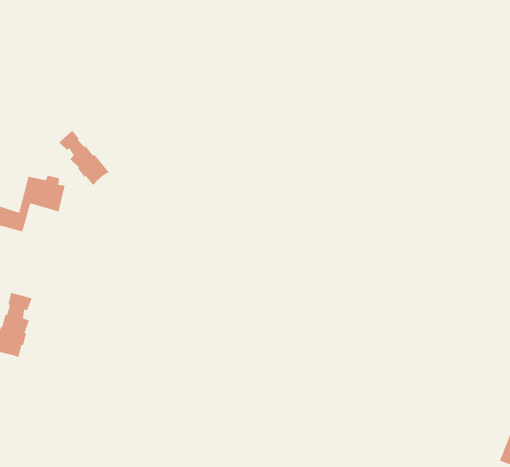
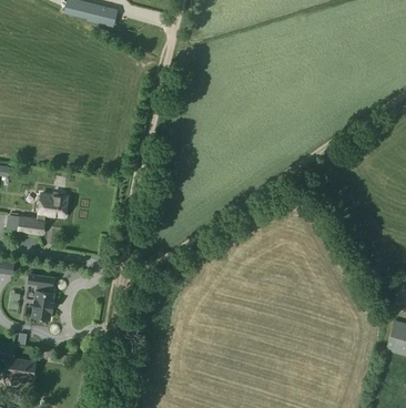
building: [58,130,109,186] -> none

